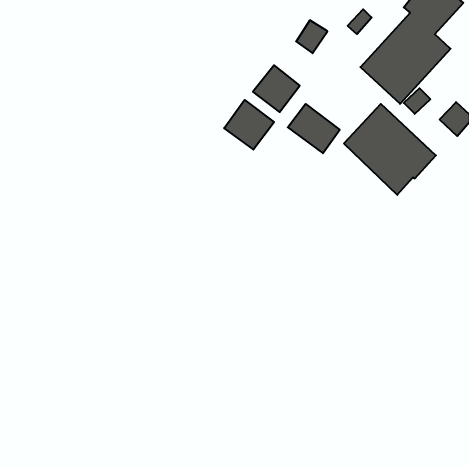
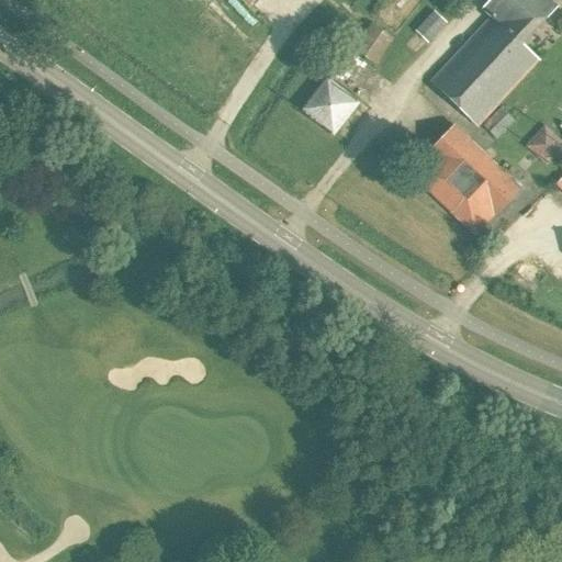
building: [224,100,274,150] -> none
building: [288,104,340,153] -> none

